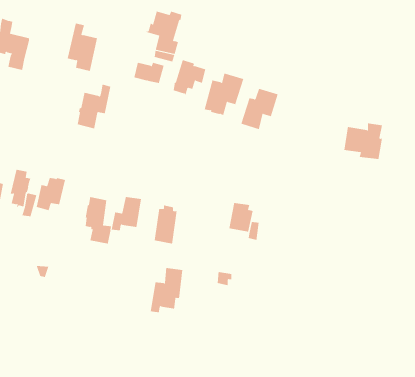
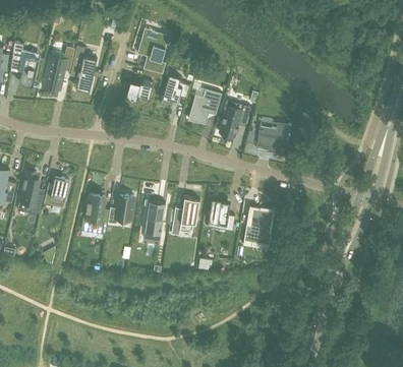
building: [77,84,111,129] -> [45,45,74,83]
building: [343,123,383,160] -> [255,124,289,156]
building: none -> [242,206,272,248]
building: [150,267,183,313] -> [170,196,198,235]

